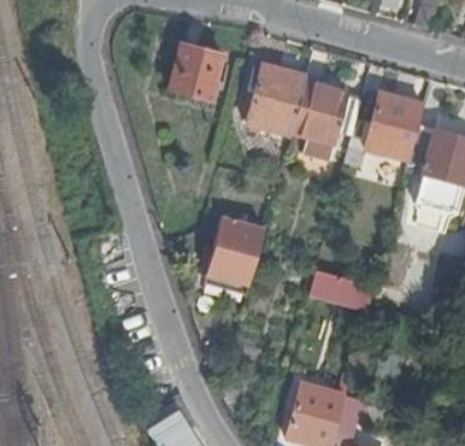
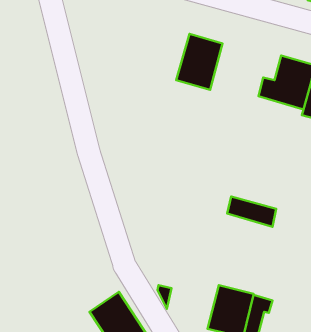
building: [170,42,224,99] -> none
building: [292,81,348,141] -> none
building: [198,207,261,284] -> none

